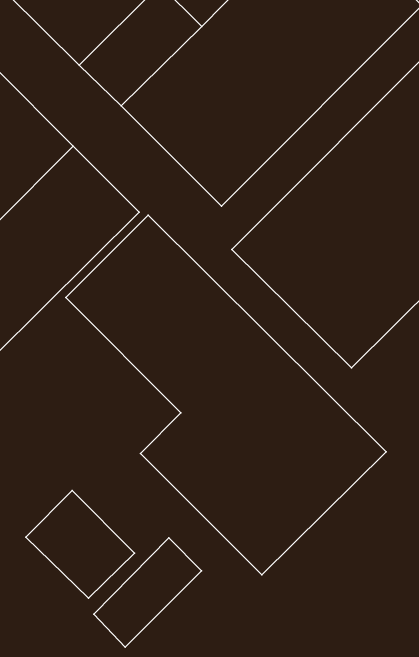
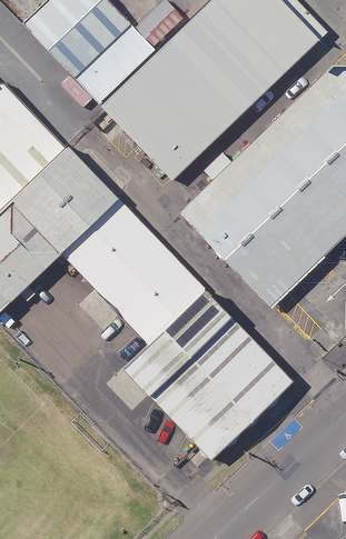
building: [26,491,135,598] -> none
building: [94,538,202,647] -> none

